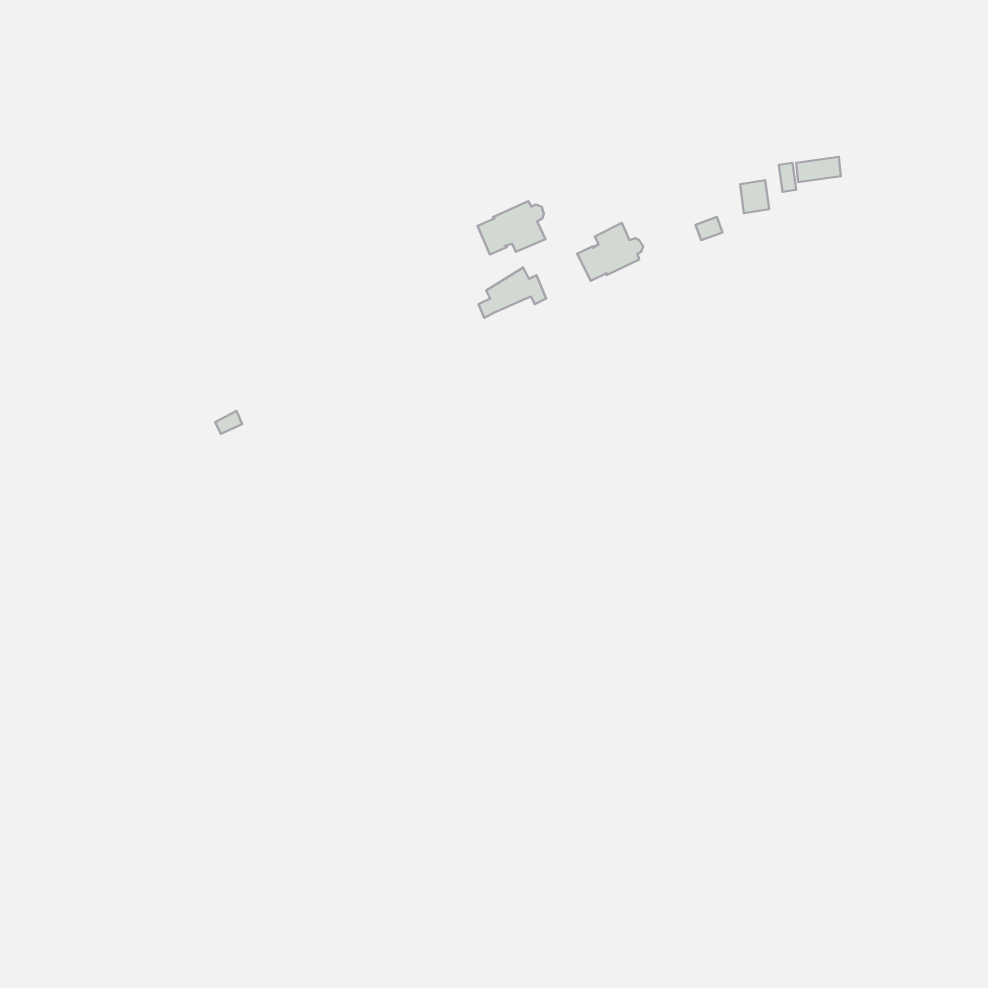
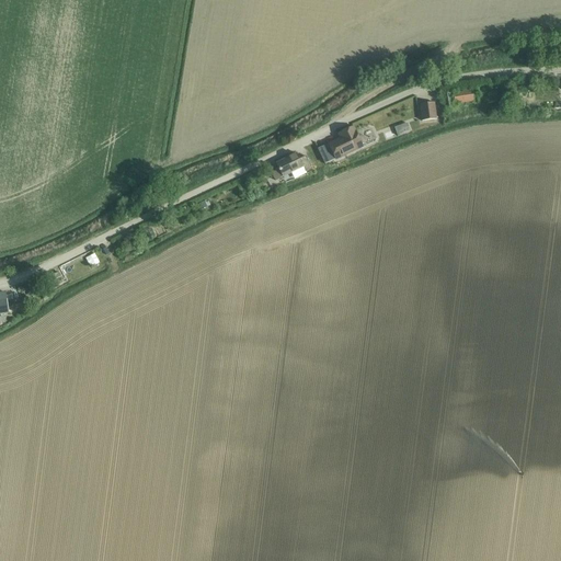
building: [477,201,546,254] -> none

